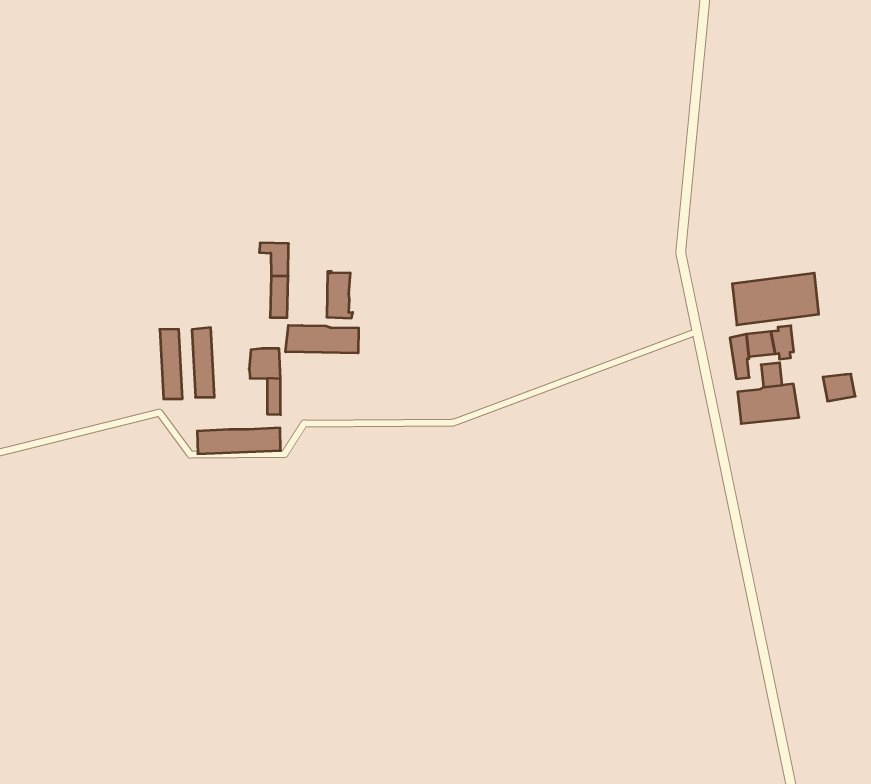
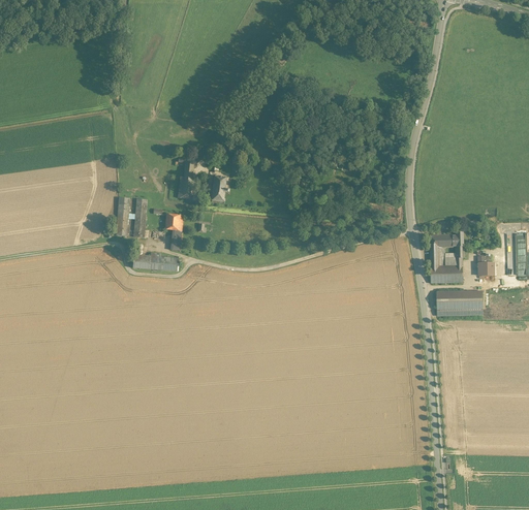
building: [732,273,819,325] -> [436,291,481,315]
building: [286,325,359,353] -> none

